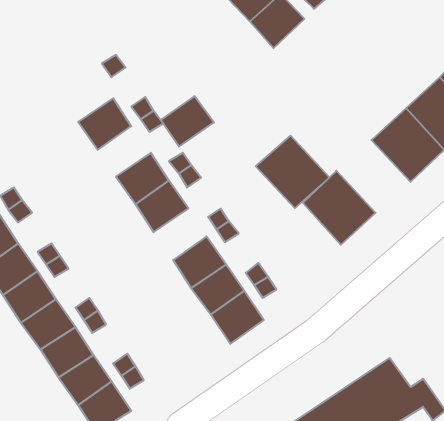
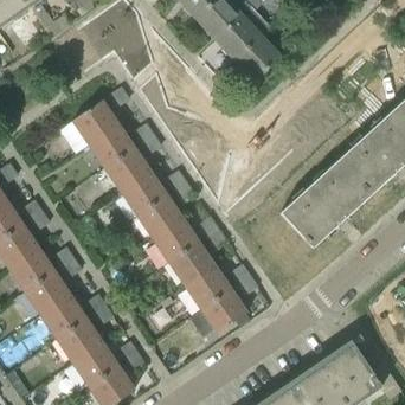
building: none -> [72,98,118,143]
building: [161,96,214,146] -> [105,147,150,189]
building: [256,136,330,208] -> [308,159,371,220]
building: none -> [153,217,198,261]

